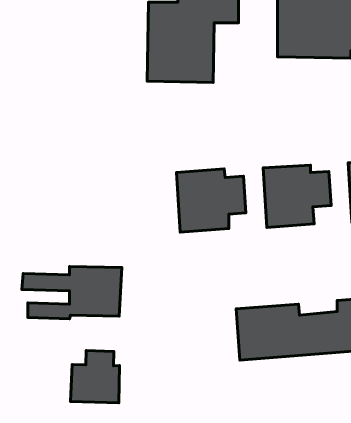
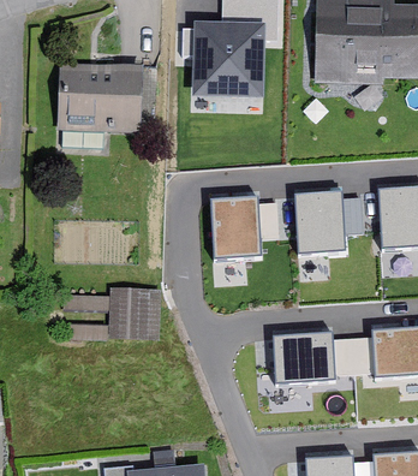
building: none -> [56,67,139,132]
building: [71,351,119,403] -> none

